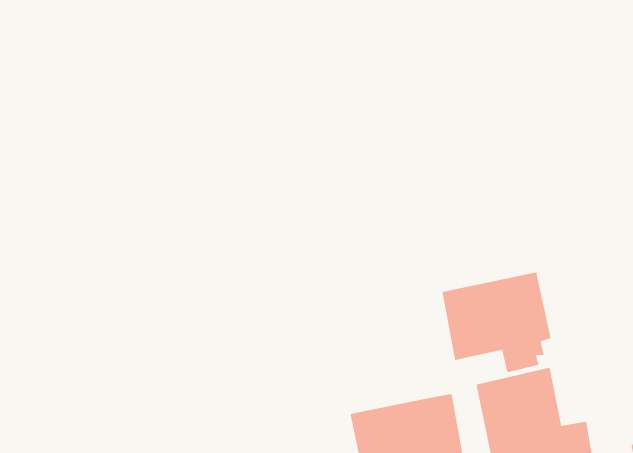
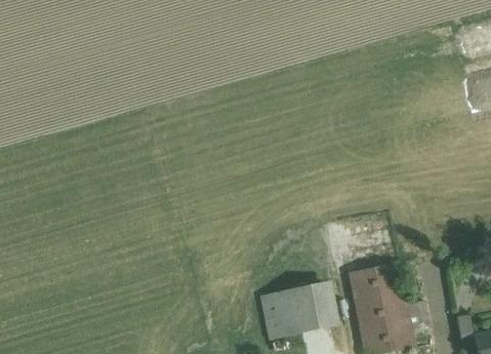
building: [441,271,552,373] -> none

